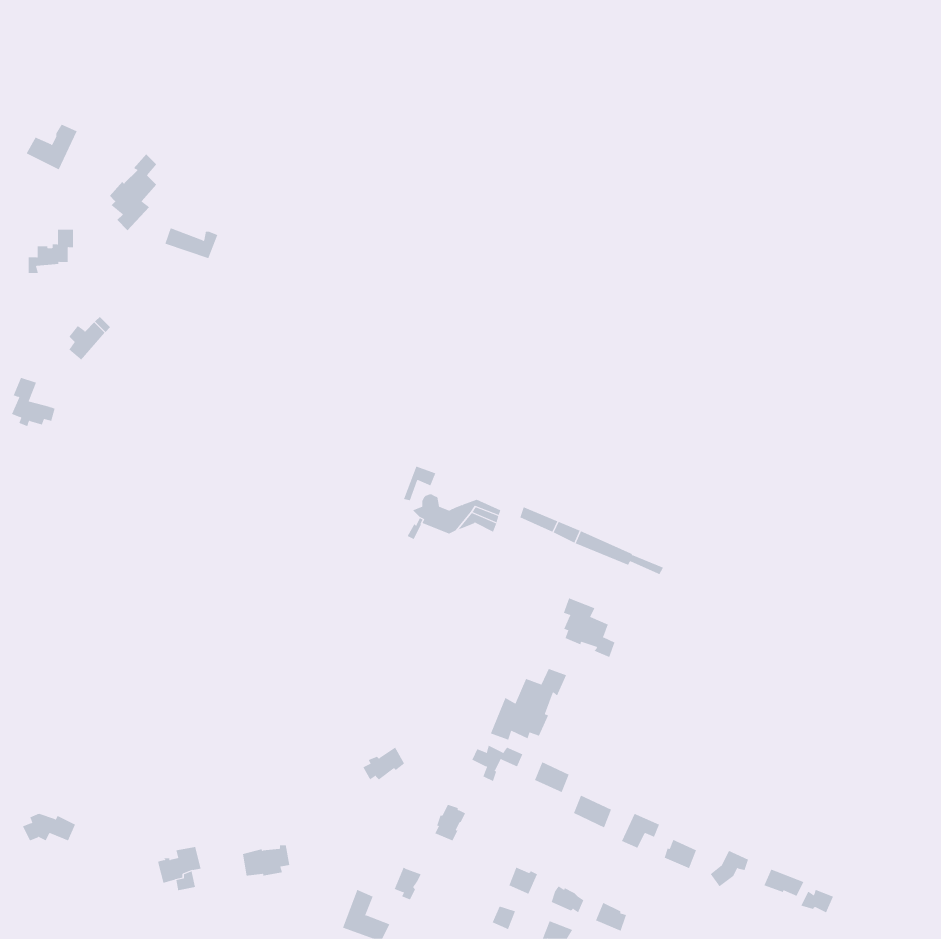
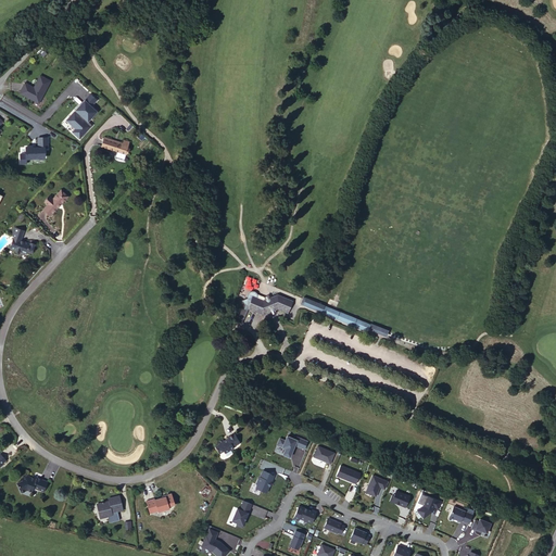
building: [563,598,615,658] -> none
building: [490,668,567,740] -> none

